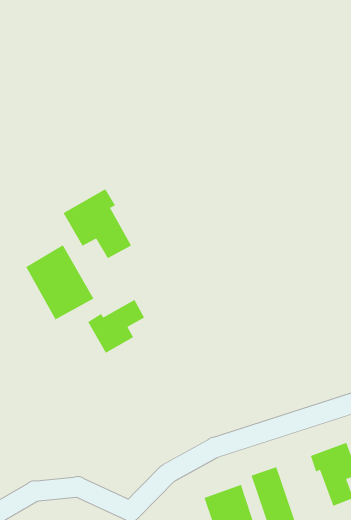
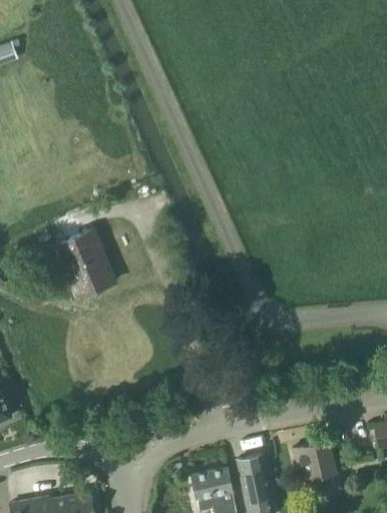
building: [62,188,132,259] -> none
building: [87,299,145,354] -> none

